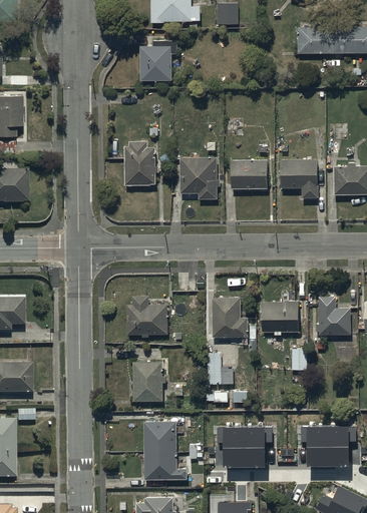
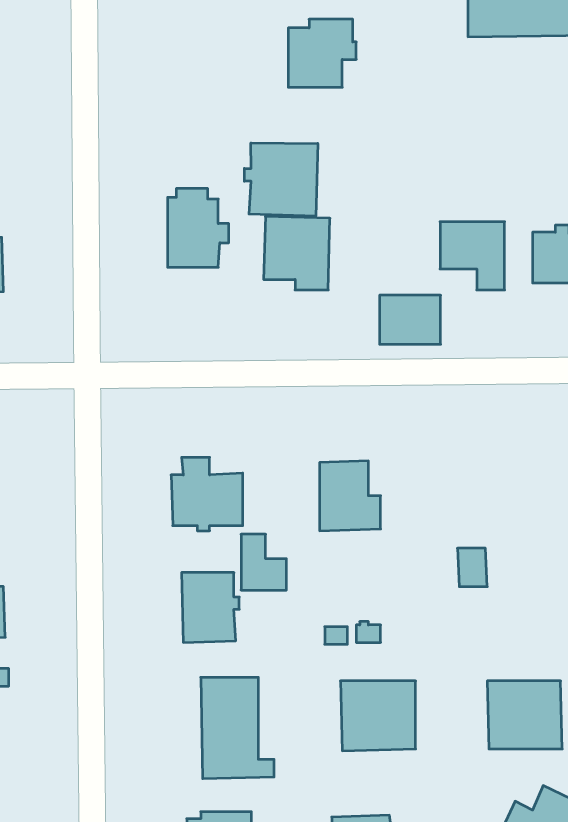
building: [140,39,179,78] -> [288,19,356,87]
building: none -> [244,143,318,216]
building: [232,160,267,188] -> [380,295,441,344]
building: [318,296,350,334] -> none
building: [261,300,299,332] -> none
building: [208,352,234,384] -> [241,534,286,590]

